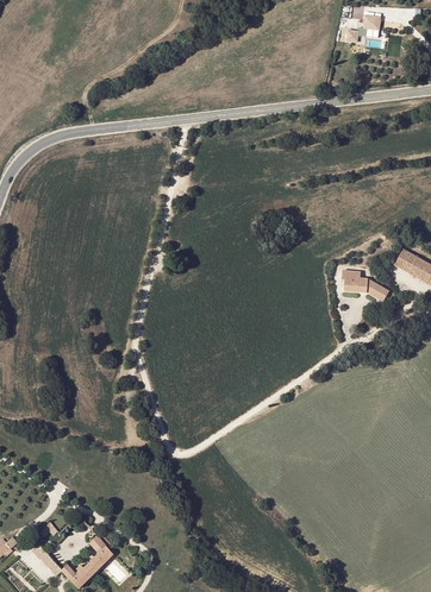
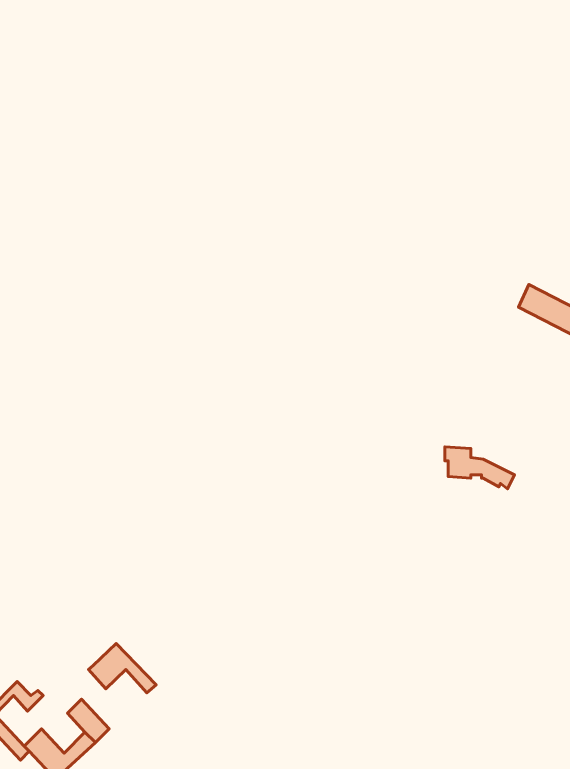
building: [342,272,389,301] -> [445,447,514,489]
building: none -> [88,643,156,693]

